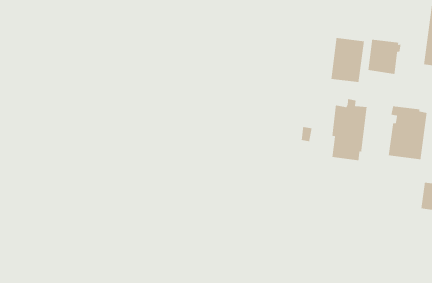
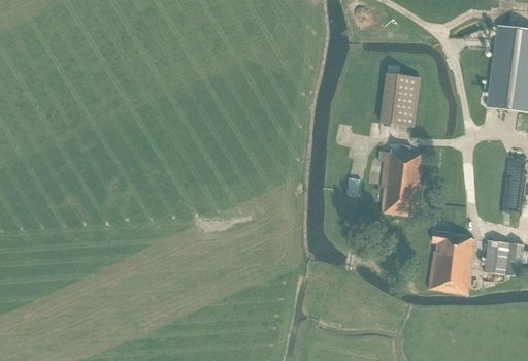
building: [367,39,401,75] -> none
building: [388,105,428,160] -> [428,231,473,294]

